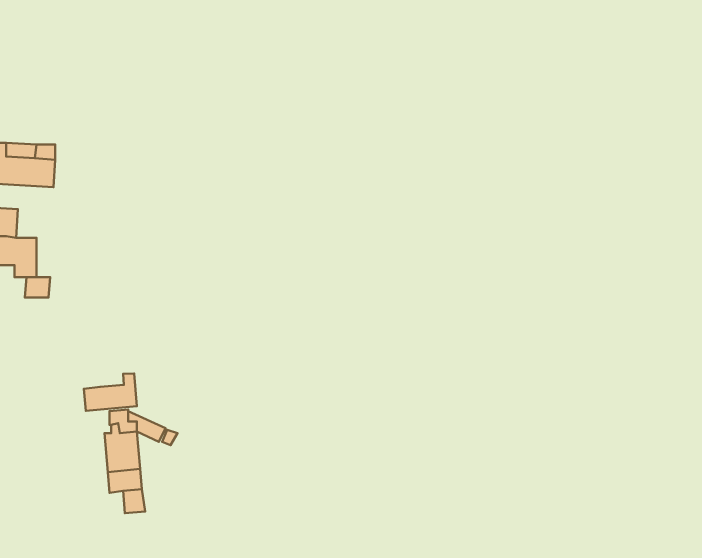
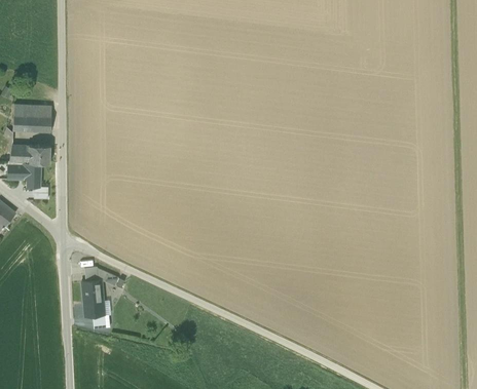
building: none -> [28,146,50,163]
building: [84,373,137,411] -> none

